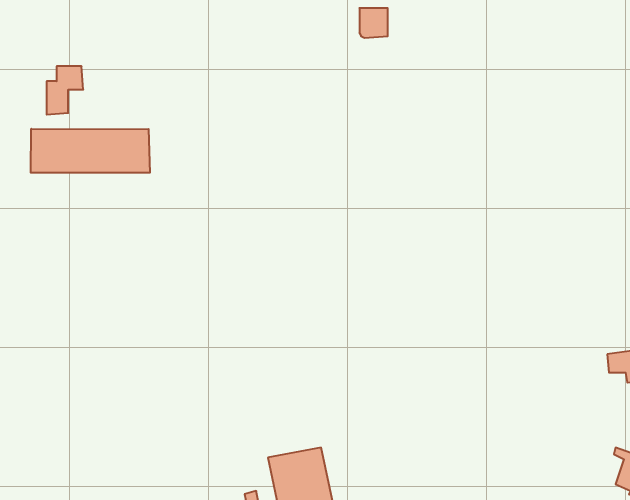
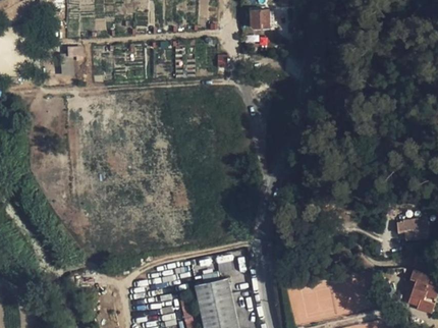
building: [31,129,150,173] -> none

